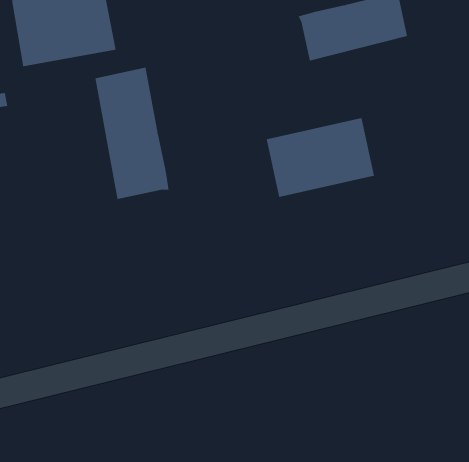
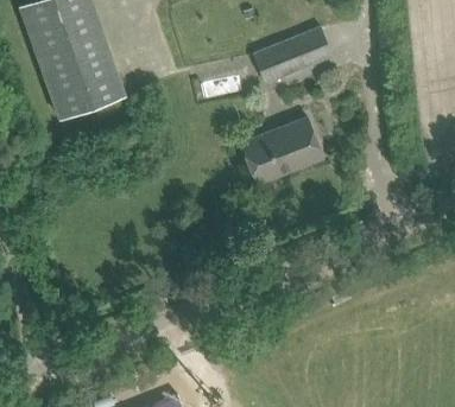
building: [95,67,169,200] -> none

